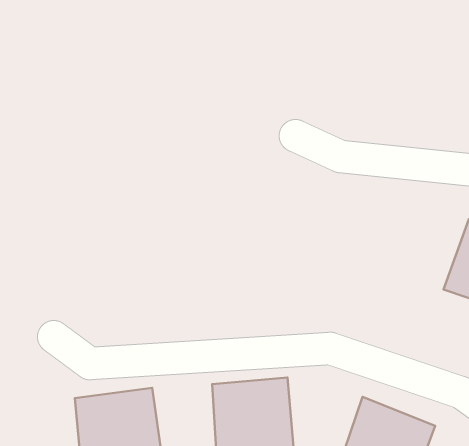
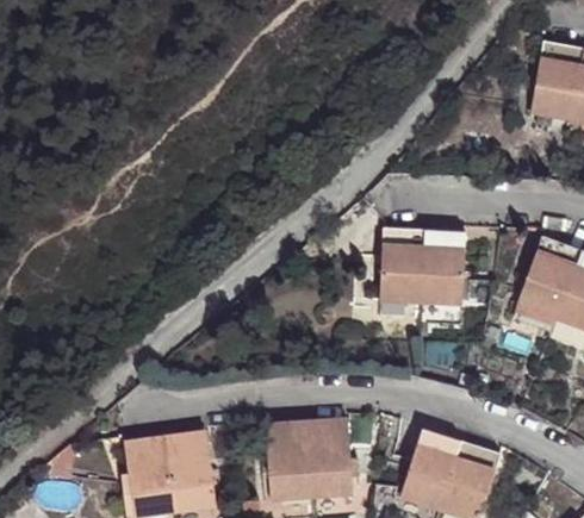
building: none -> [365,217,459,310]

